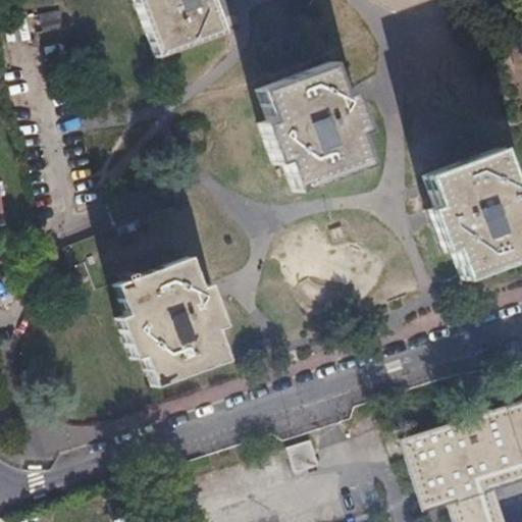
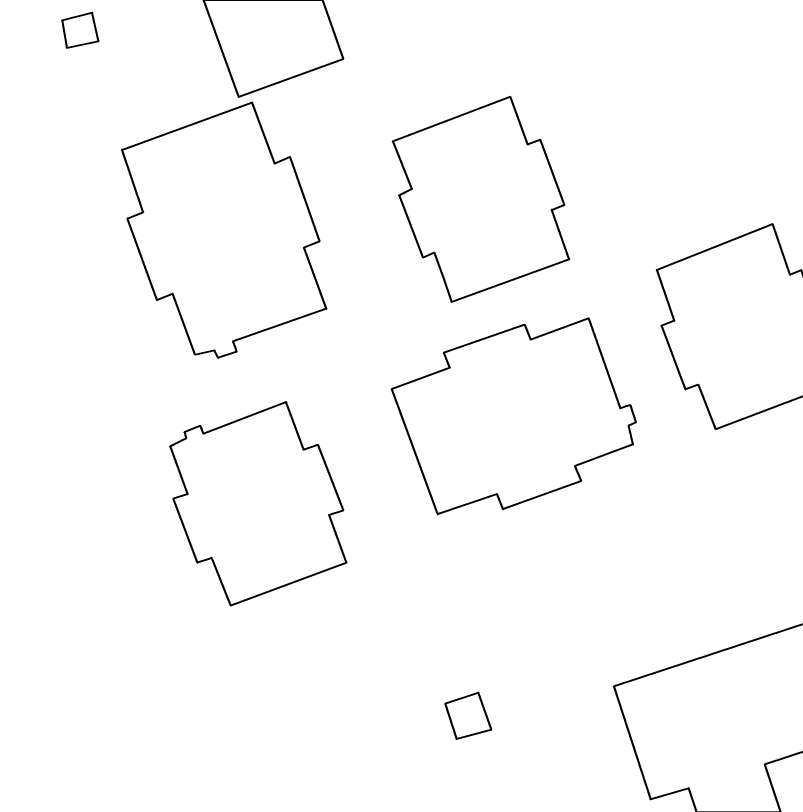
building: none -> [122,102,326,358]
building: none -> [392,318,636,514]

